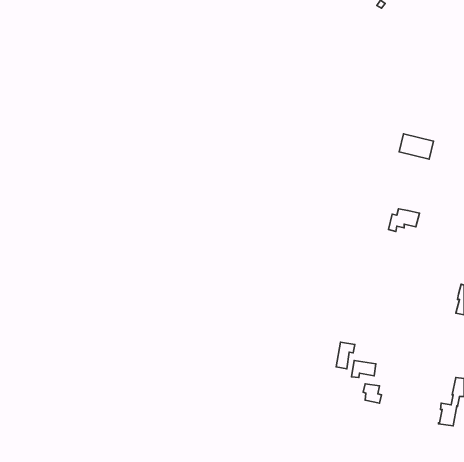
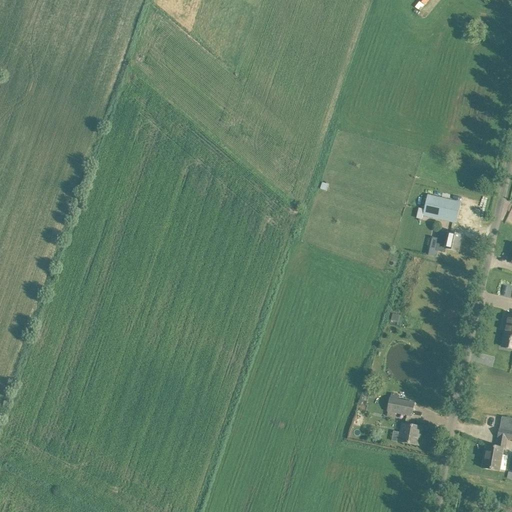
building: [399,134,434,159] -> [423,193,461,221]
building: [336,342,355,369] -> none

